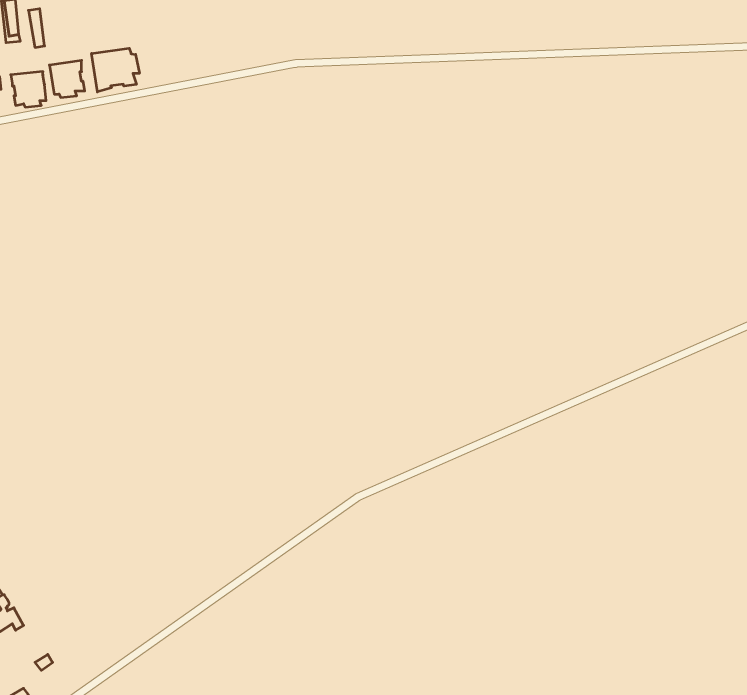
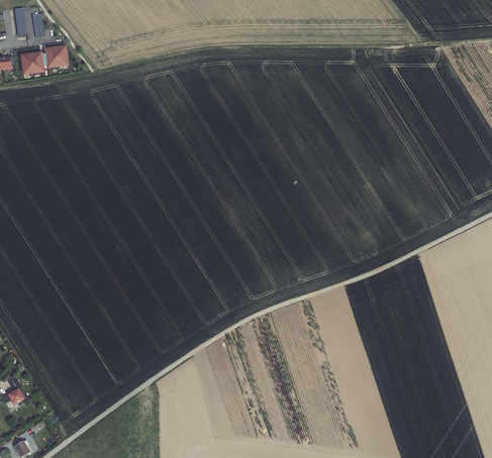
building: [92,48,139,92] -> none

